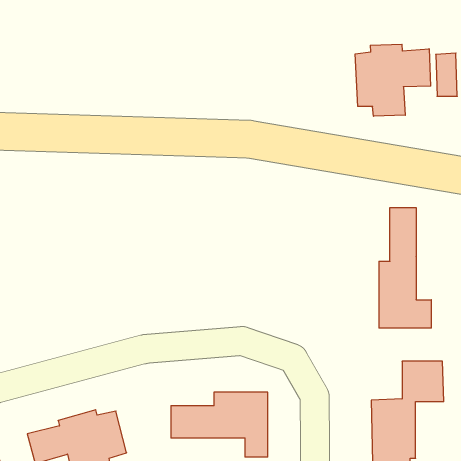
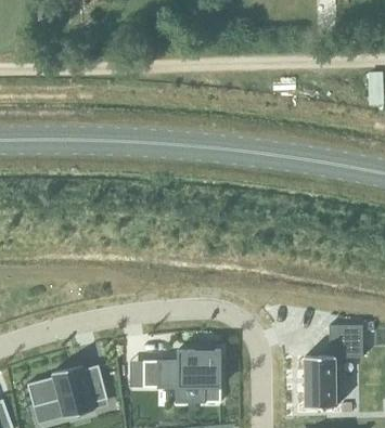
building: [355,44,431,116] -> none
building: [379,208,431,328] -> none

